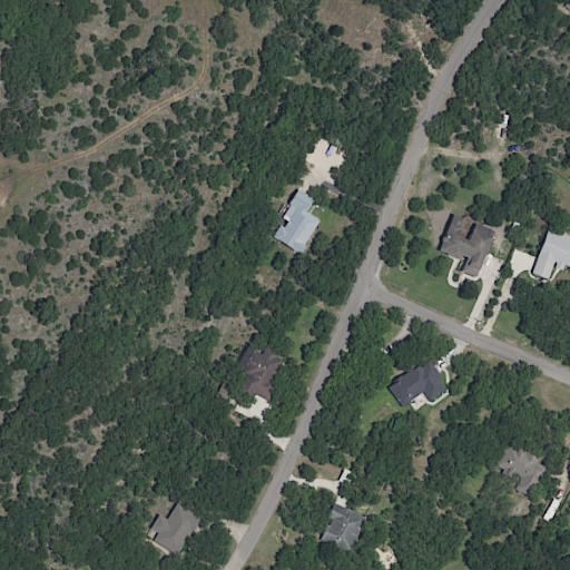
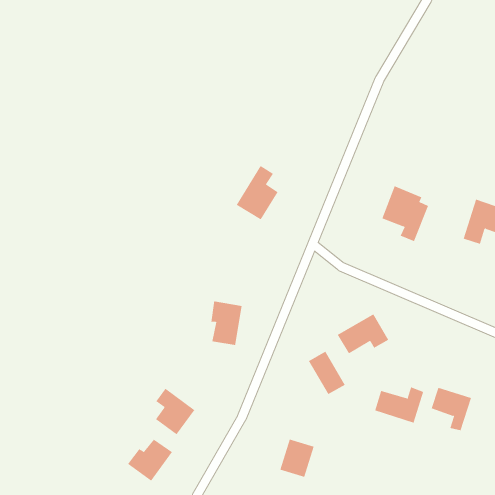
building: none -> [308,351,345,395]
building: none -> [374,386,424,423]
building: none -> [155,388,195,435]

